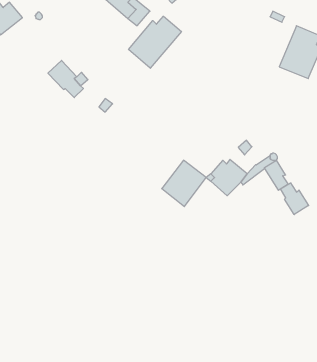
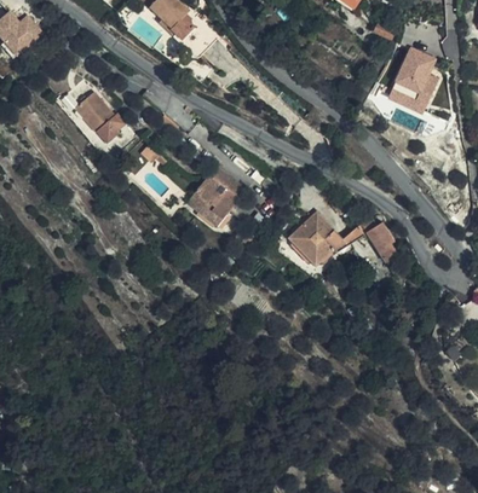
building: [129,16,181,68] -> none
building: [162,160,206,207] -> [185,163,244,225]
building: [281,183,309,215] -> none

